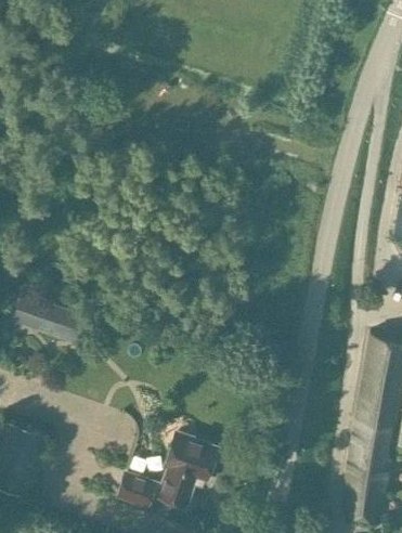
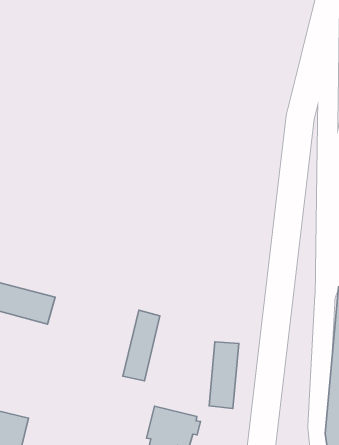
building: none -> [123,310,160,381]
building: none -> [209,342,239,408]

